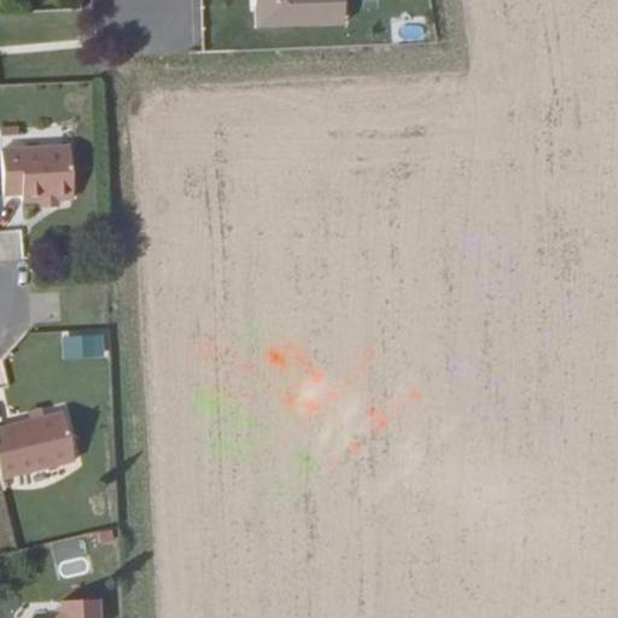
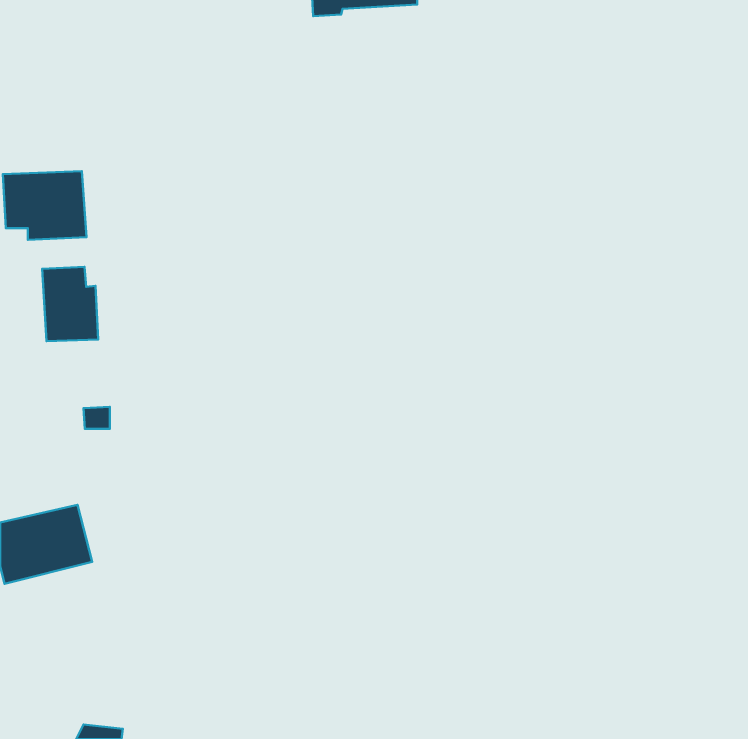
building: none -> [42,267,98,341]

